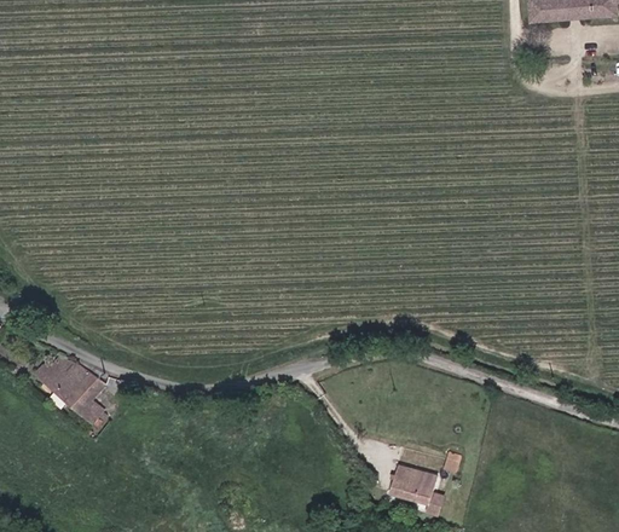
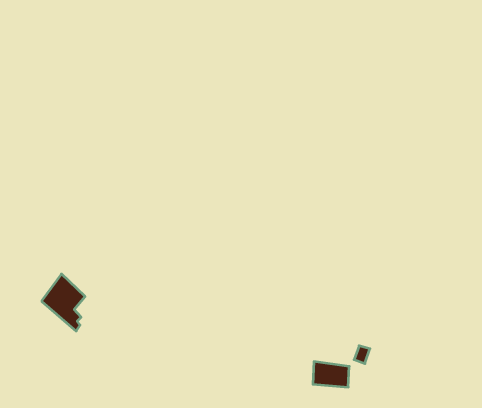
building: [30,354,82,395] -> none

